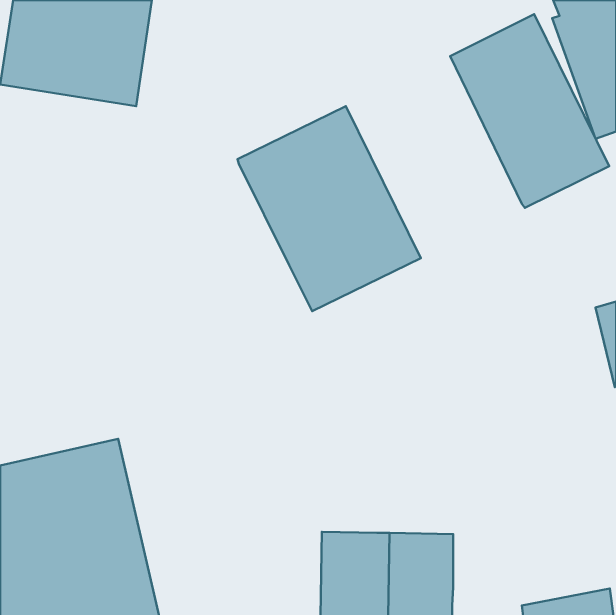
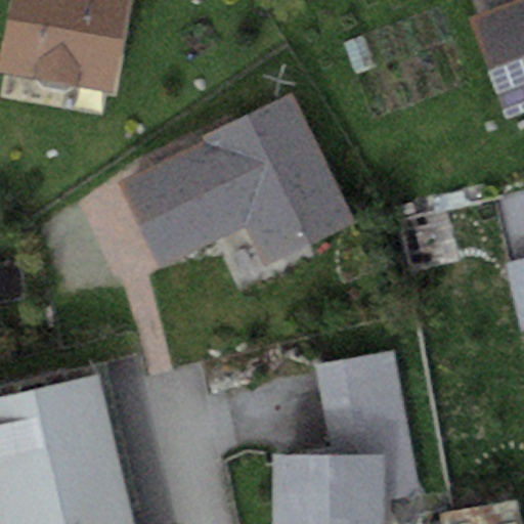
building: [450,14,609,208] -> none
building: none -> [119,140,246,268]
building: none -> [316,352,421,499]

